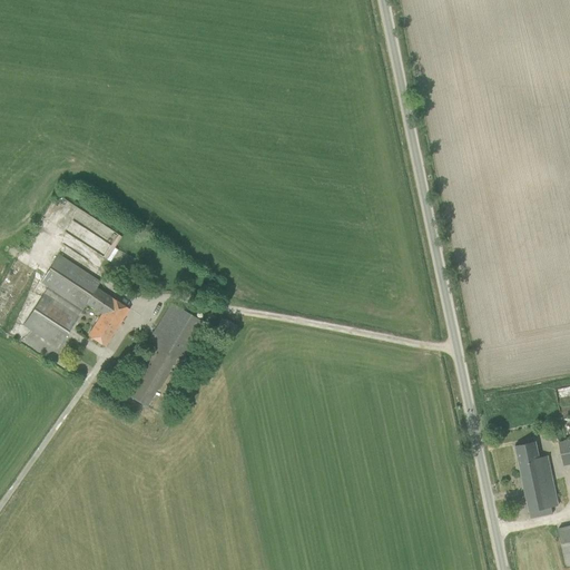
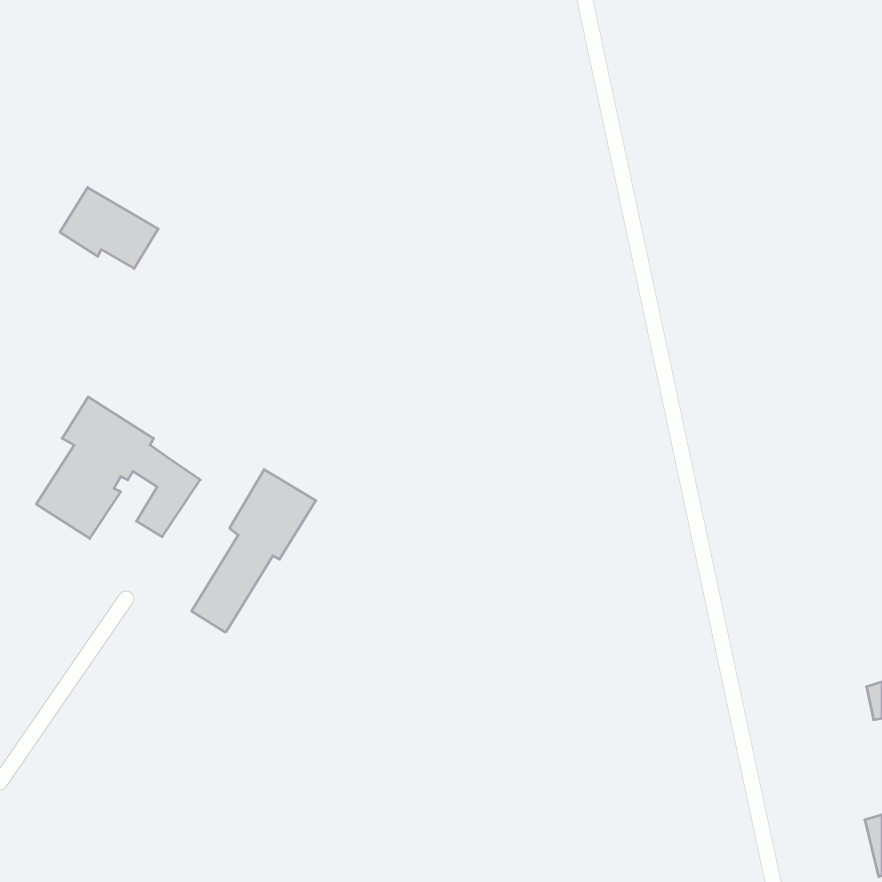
building: [58,208,121,261] -> [60,187,158,269]
building: [515,442,559,518] -> none

